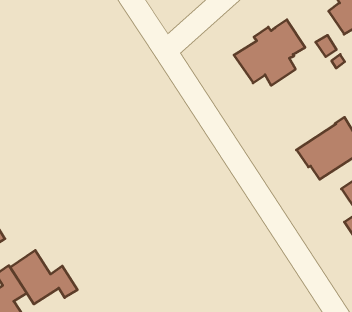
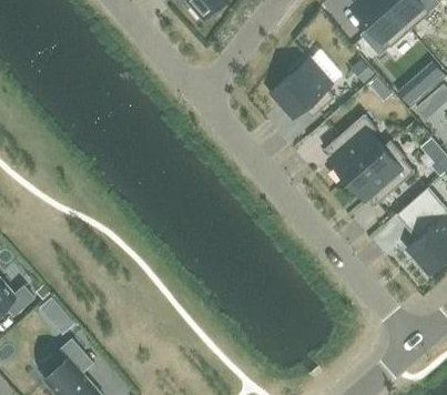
building: none -> [324,113,383,180]
building: [10,250,77,304] -> none

